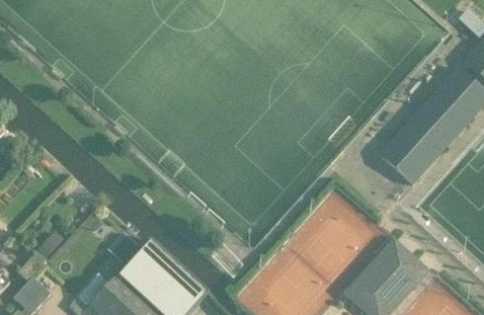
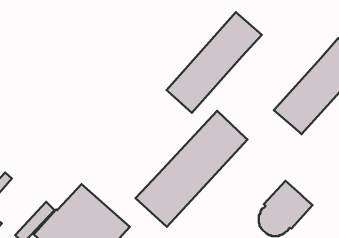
building: none -> [167,12,262,113]
building: none -> [136,111,247,227]

